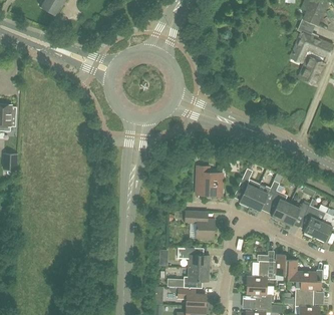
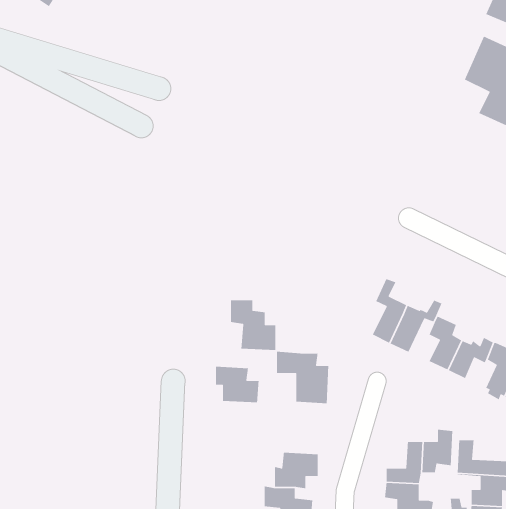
building: [196,166,222,195] -> [230,300,276,351]
building: [185,247,210,268] -> [215,366,259,403]

